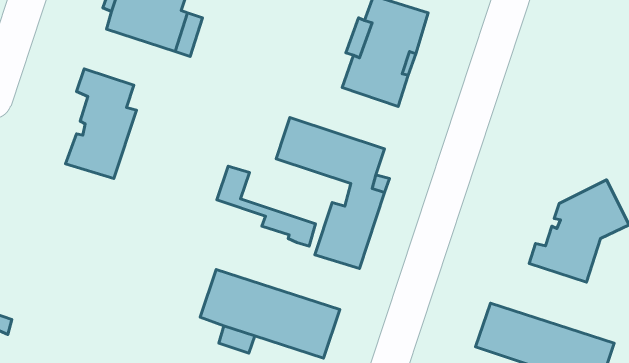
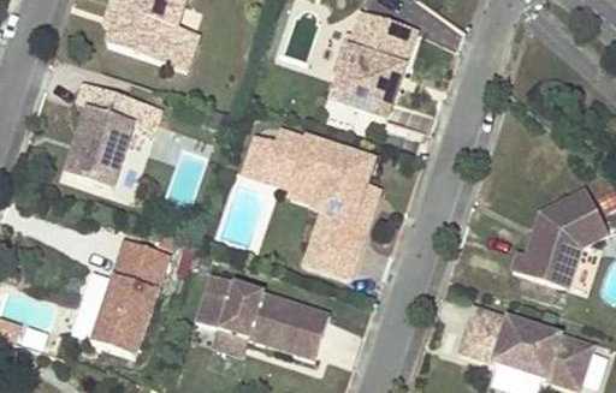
building: [217,166,315,246] -> [245,137,340,214]
building: none -> [91,242,168,356]

